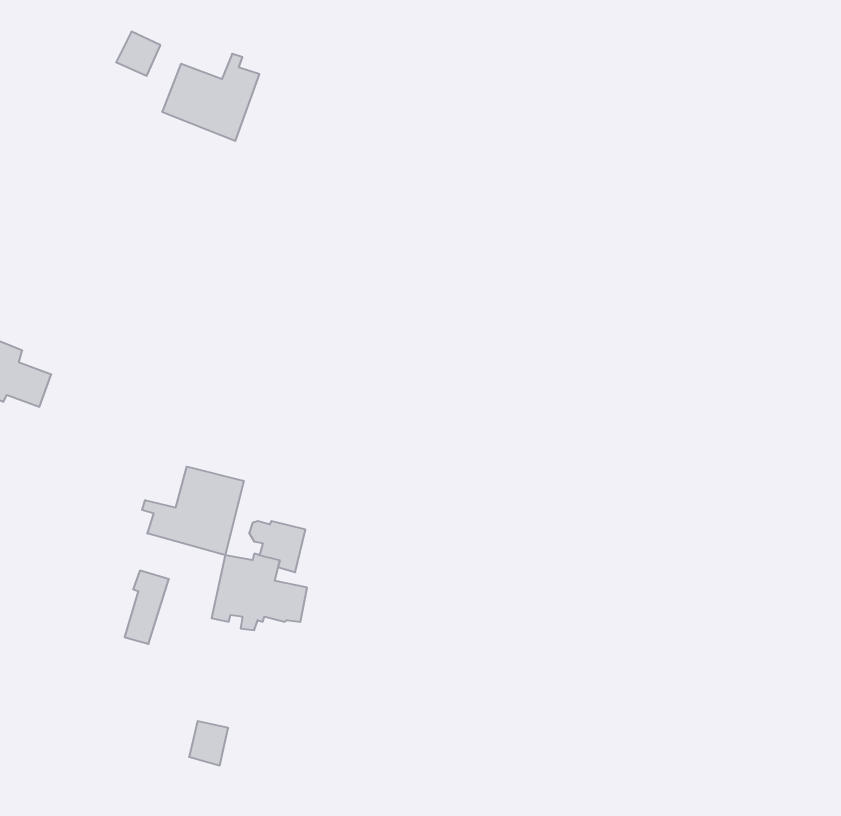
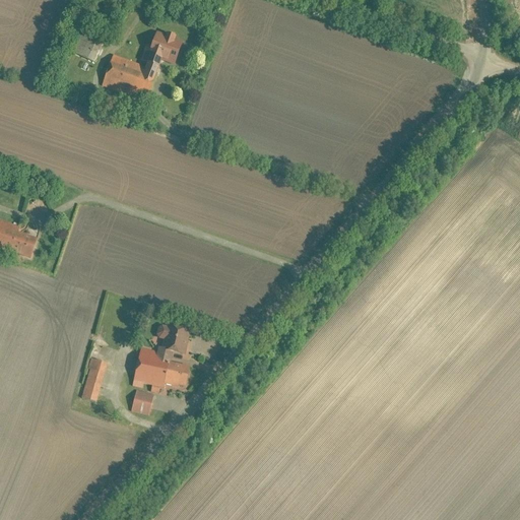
building: none -> [149,31,184,65]
building: [142,467,244,555] -> none
building: [189,721,228,765] -> [131,388,154,414]

